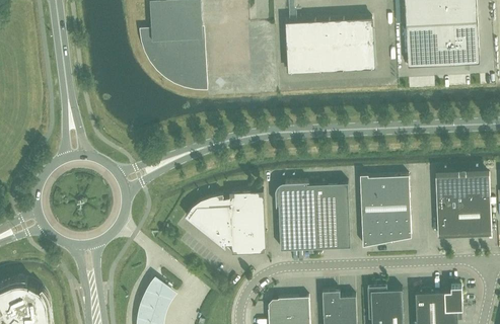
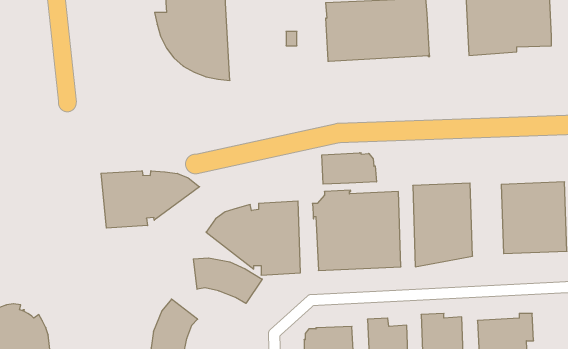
building: none -> [322,153,376,184]
building: none -> [101,171,200,228]
building: none -> [193,258,262,303]

